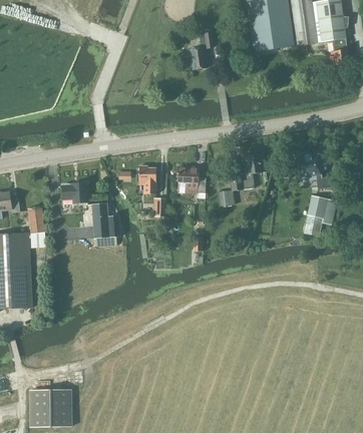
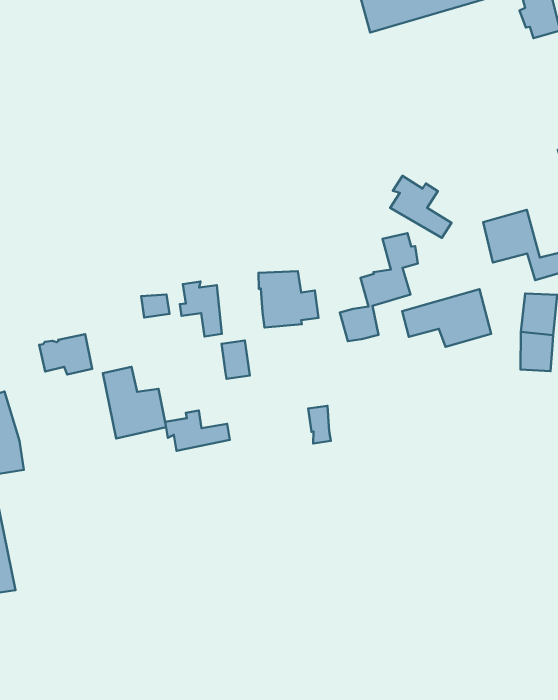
building: [187,34,214,69] -> none
building: none -> [390,176,452,238]
building: none -> [402,289,491,347]
building: none -> [165,411,230,451]

